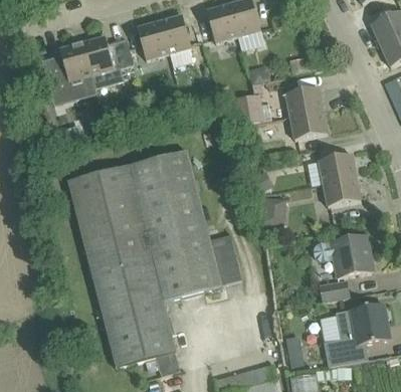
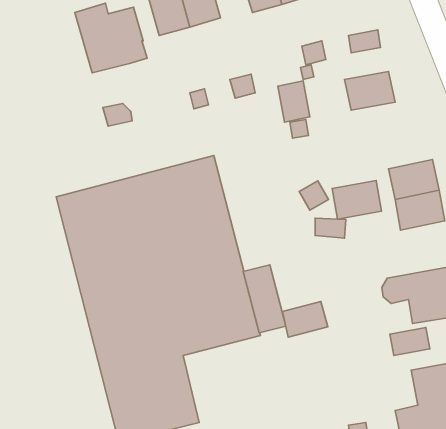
building: [42,43,96,106] -> none
building: [290,111,328,140] -> [332,180,381,219]
building: none -> [282,302,328,337]

